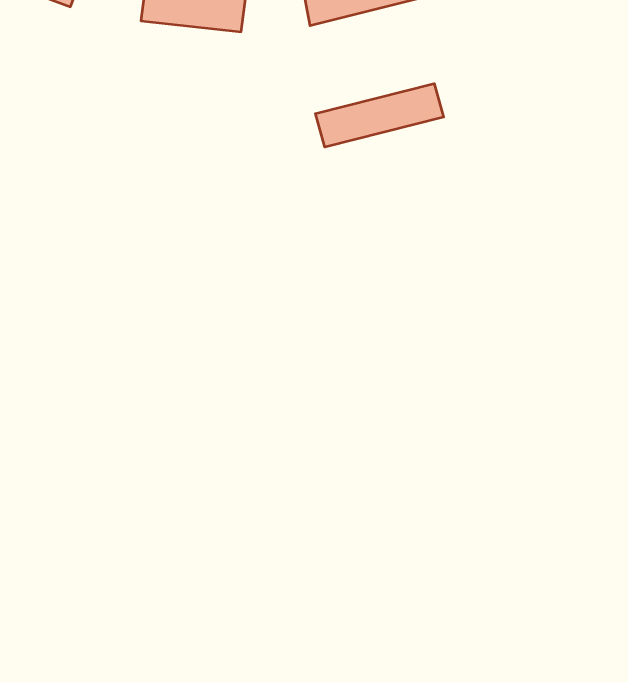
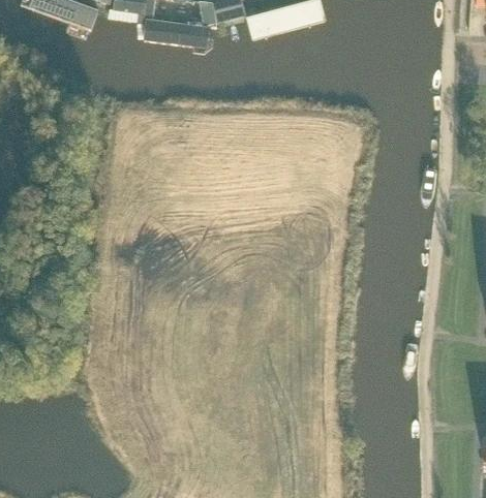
building: [315,84,444,147] -> none

